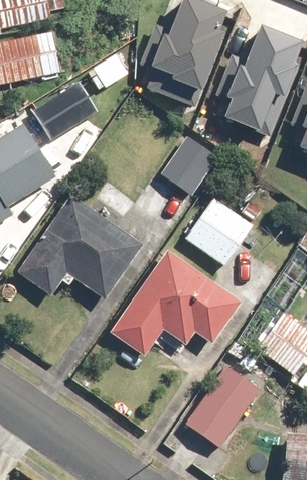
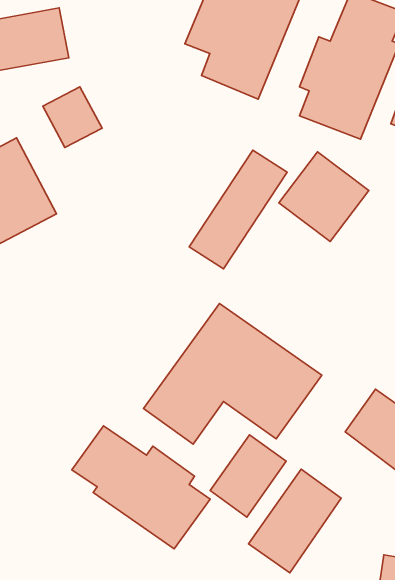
building: [23,197,141,293] -> none
building: [186,199,252,264] -> [279,152,369,242]
building: none -> [72,426,210,549]
building: none -> [210,435,286,517]

